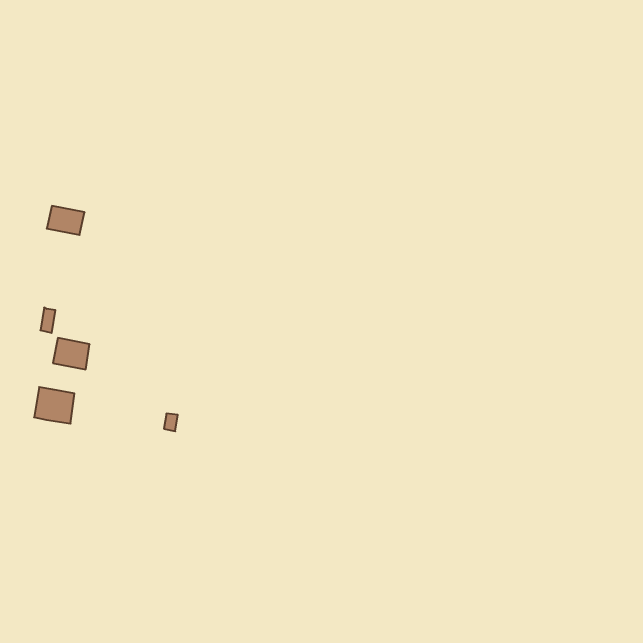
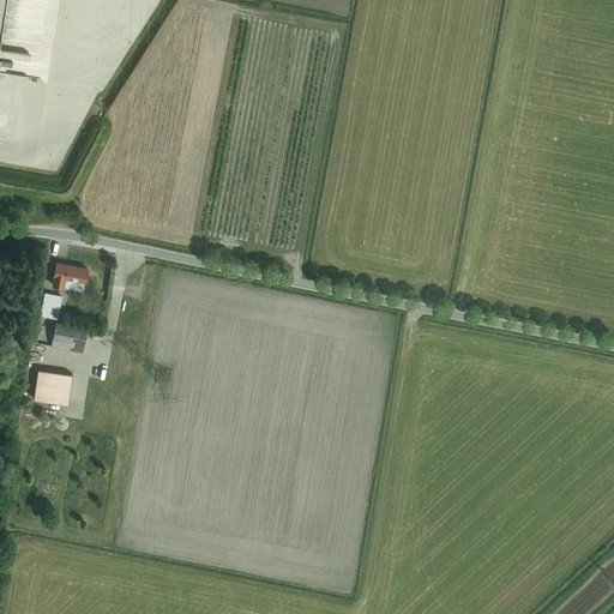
building: [47,206,85,235] -> [53,264,89,291]

